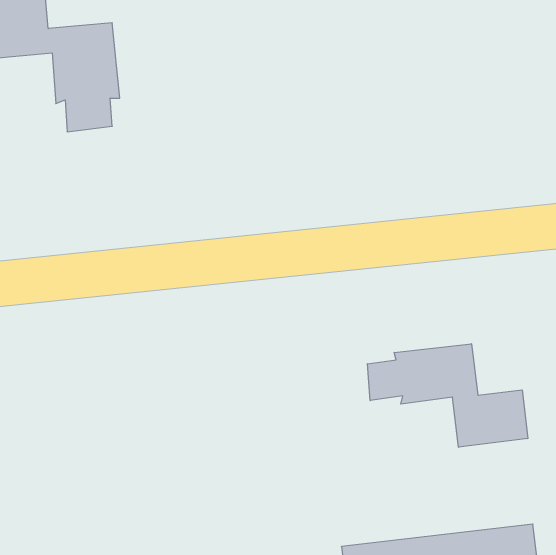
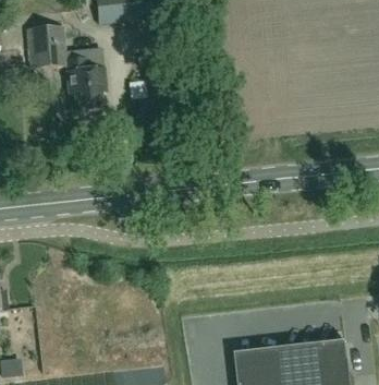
building: [367,344,528,447] -> none

